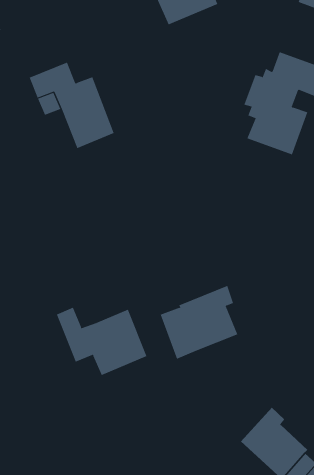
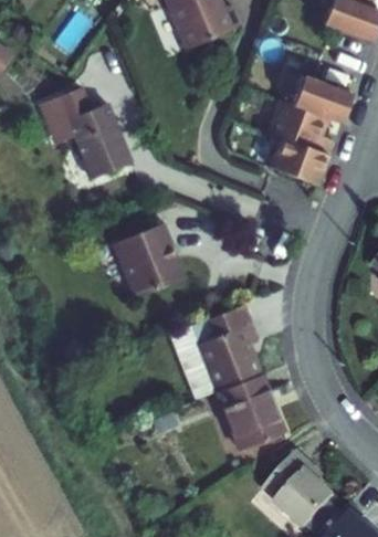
building: none -> [114,220,182,296]
building: [56,307,147,376] -> none
building: none -> [216,372,283,448]

